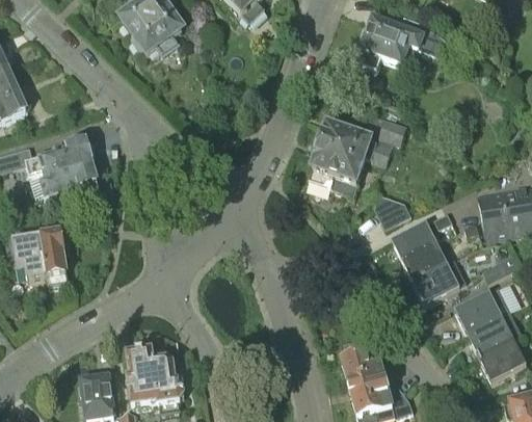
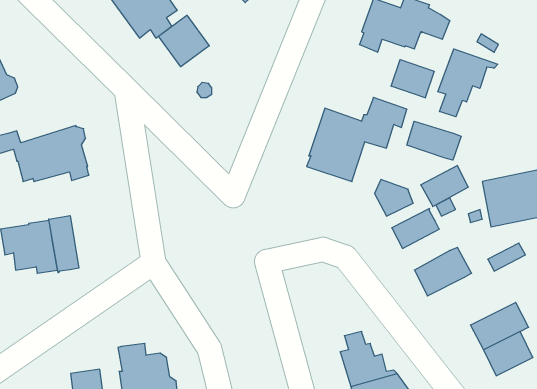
building: none -> [158,15,209,67]
building: none -> [438,49,498,117]
building: none -> [391,60,434,98]
building: none -> [407,121,461,160]
building: none -> [49,216,79,273]
building: [400,239,446,279] -> [421,166,468,207]
building: [453,285,509,332] -> none

